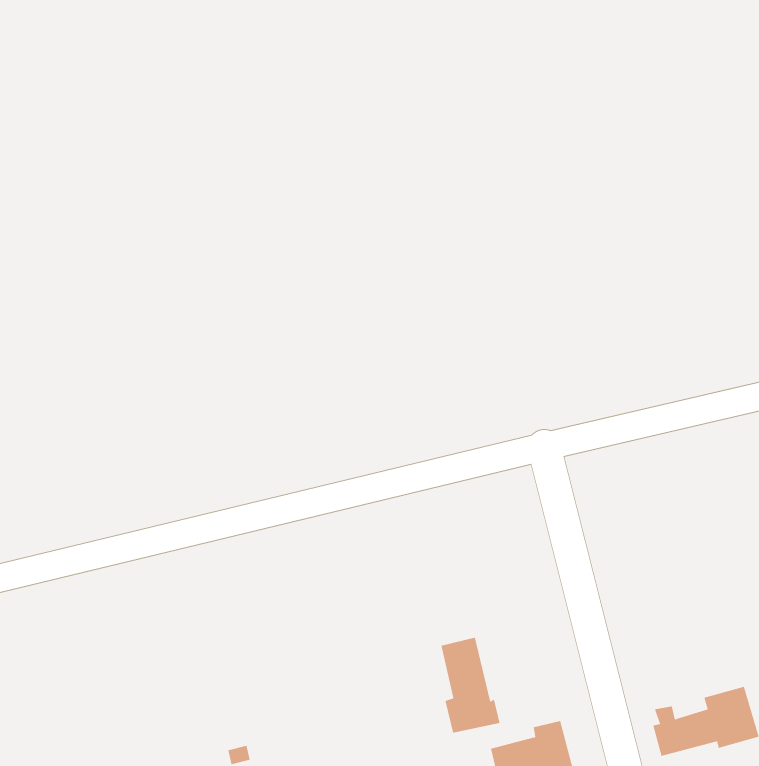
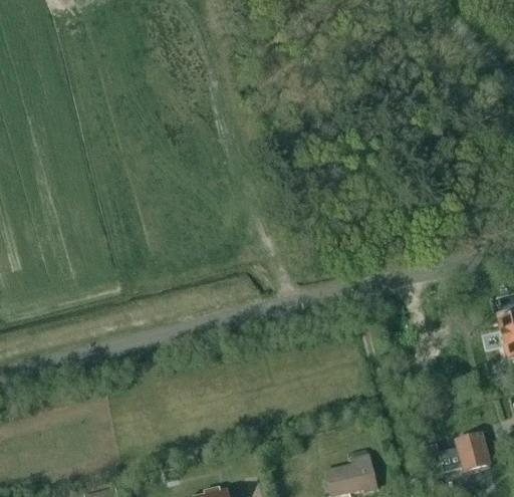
building: [441,637,500,733] -> none

